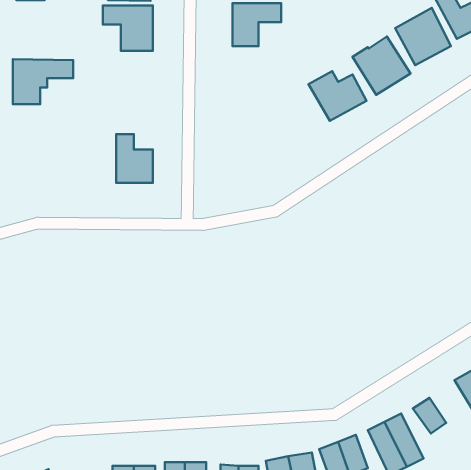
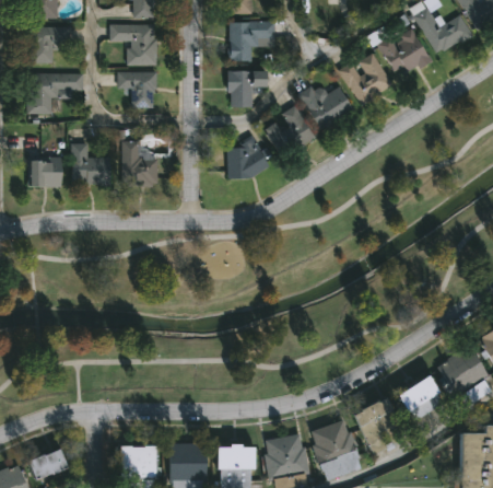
building: none -> [32,26,71,62]
building: none -> [119,71,156,108]
building: none -> [230,71,270,107]
building: none -> [266,105,317,158]
building: none -> [226,135,278,181]
building: none -> [73,143,113,184]
building: none -> [31,160,64,186]
building: none -> [412,374,443,407]

